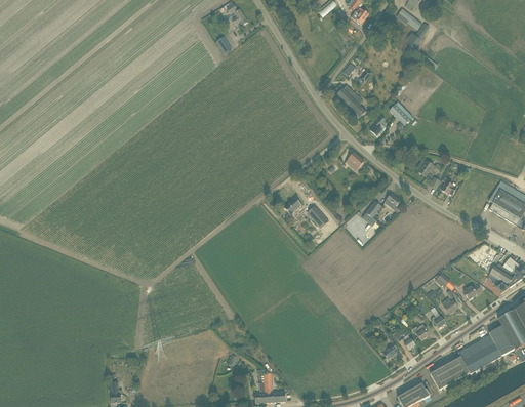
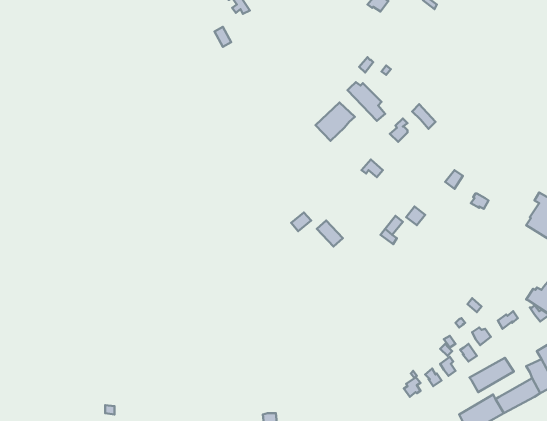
building: none -> [316,102,355,141]
building: none -> [470,358,514,392]

